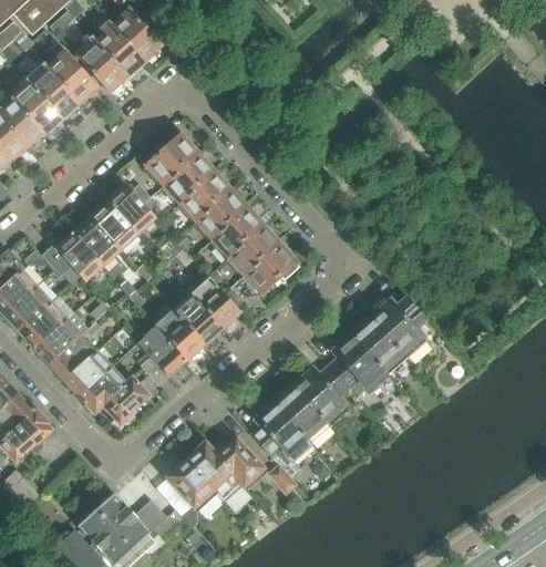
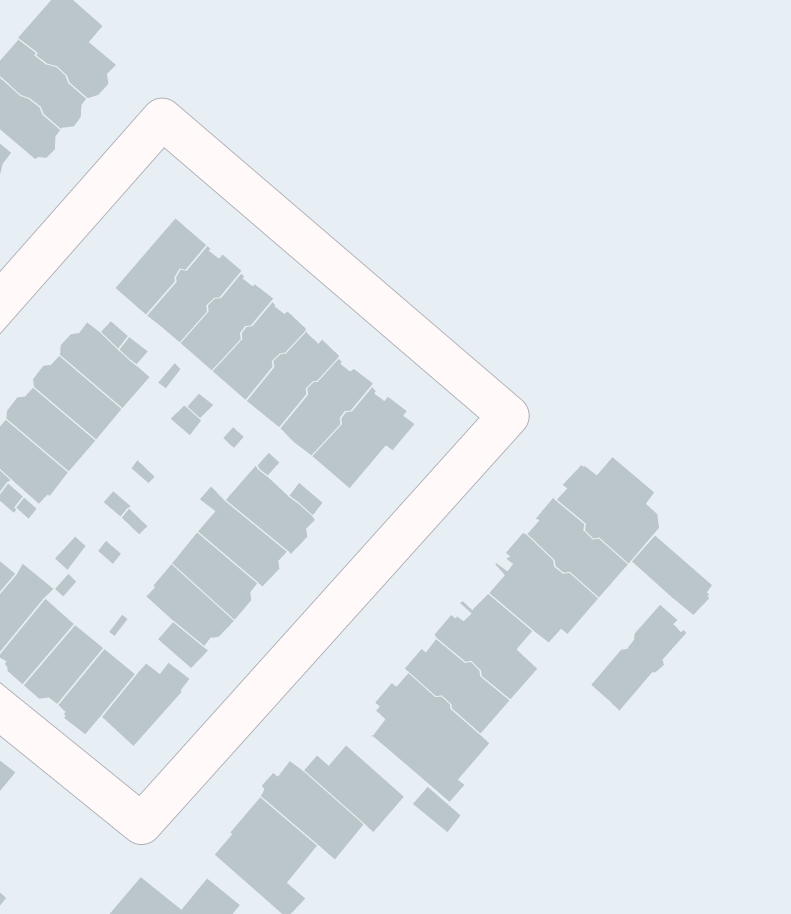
building: none -> [631,534,713,616]
building: none -> [590,604,687,711]

